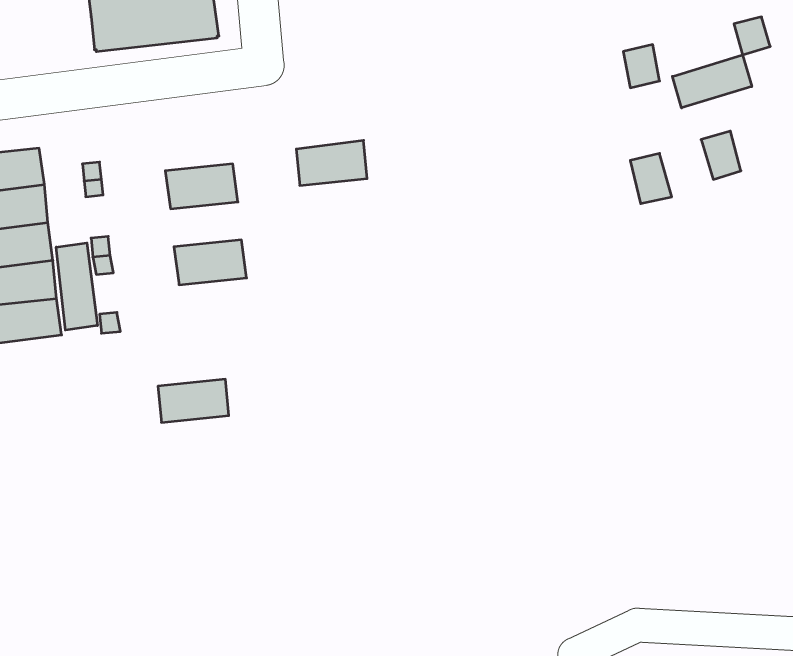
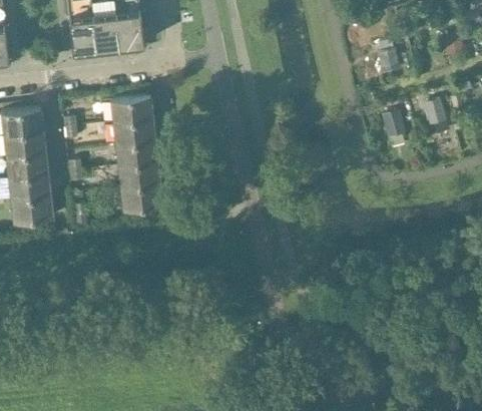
building: [672,55,752,108] -> none
building: [296,140,367,185] -> [110,95,151,121]
building: none -> [115,139,156,165]
building: [56,243,97,330] -> none
building: [158,379,229,422] -> [120,183,161,209]

